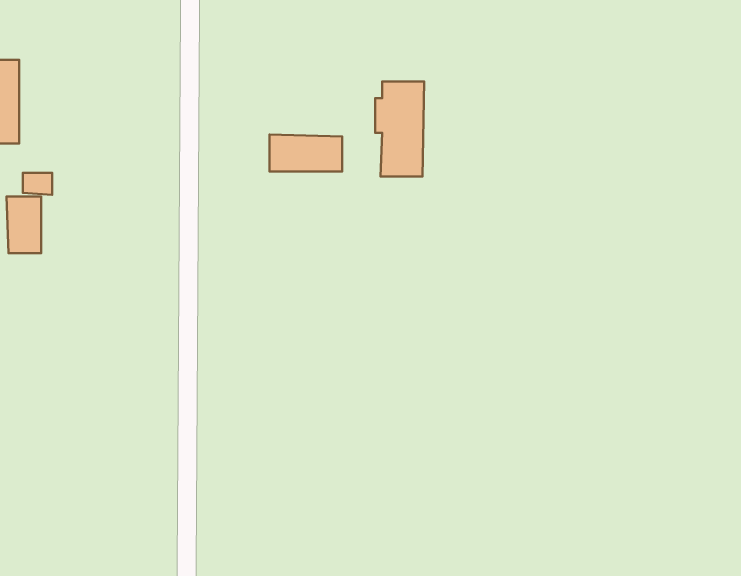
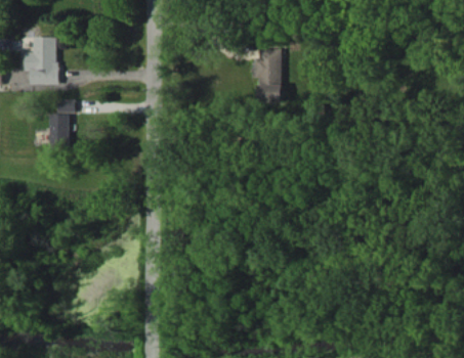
building: [270,134,342,172] -> none

